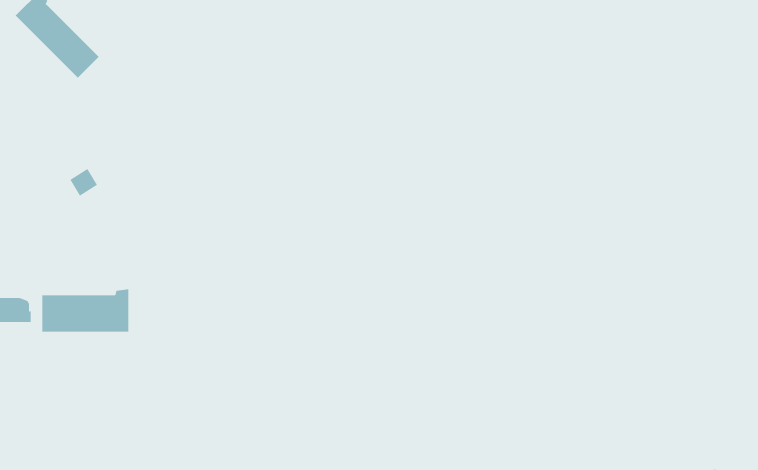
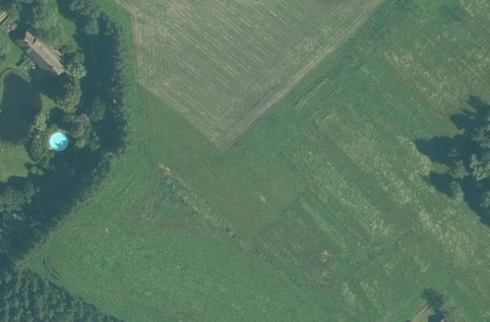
building: [42,289,129,333] -> none

